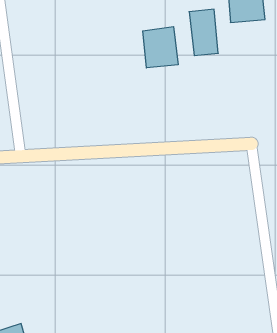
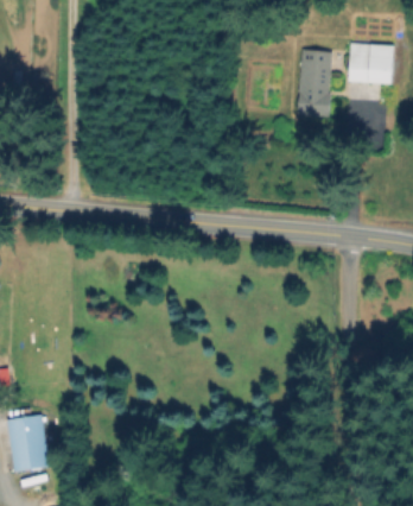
building: [143,27,178,68] -> none

